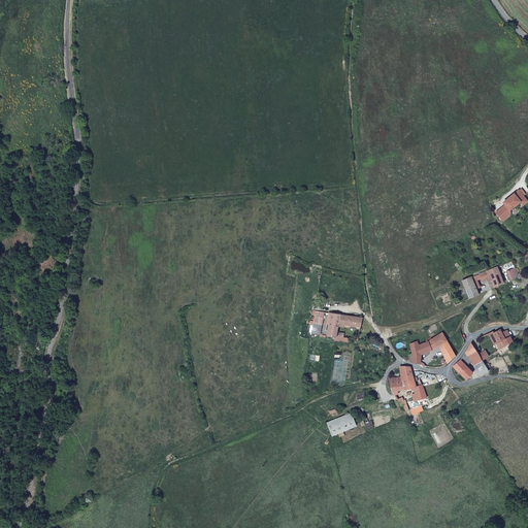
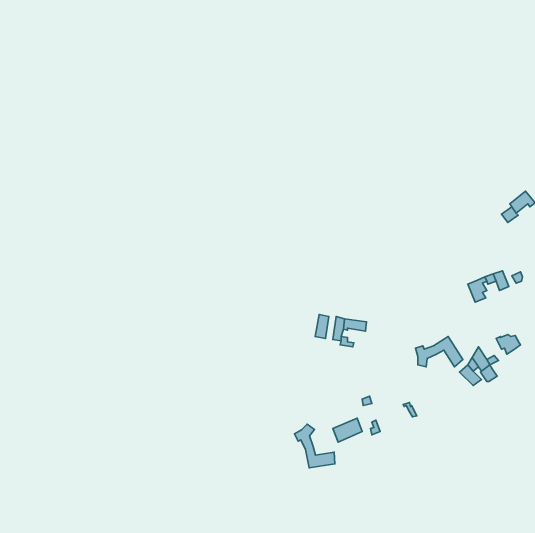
building: [390,367,426,401] -> none
building: none -> [294,424,335,468]

